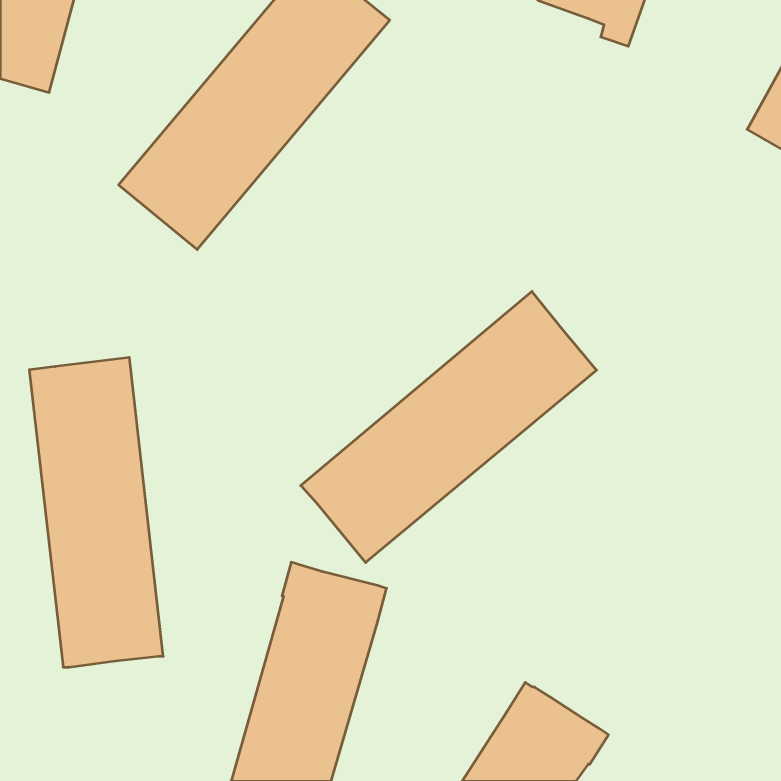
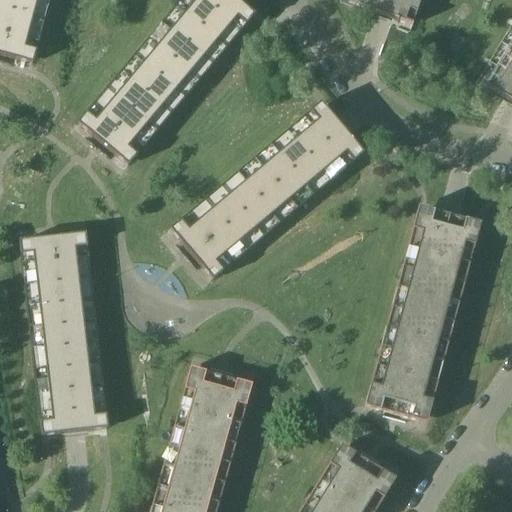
building: [301,291,597,563] -> [174,101,366,277]
building: none -> [368,205,483,420]

